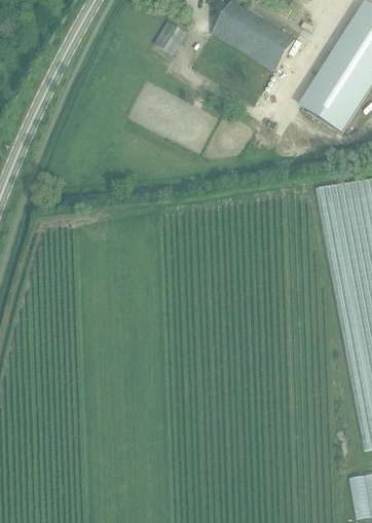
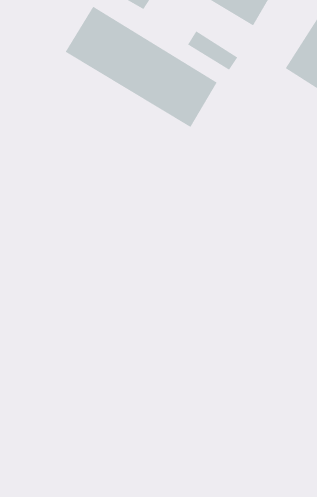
building: none -> [65,6,218,128]

